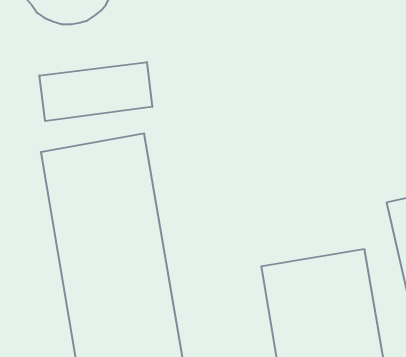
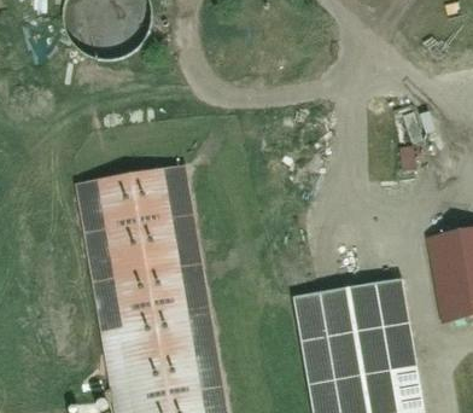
building: [39,62,152,121] -> none

